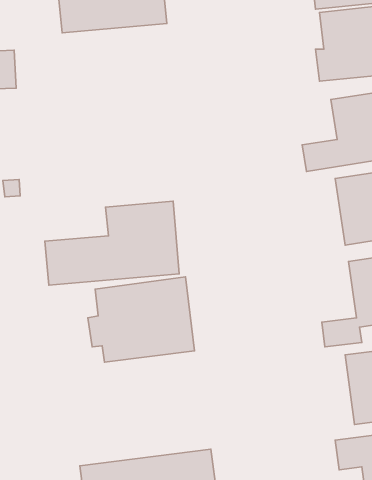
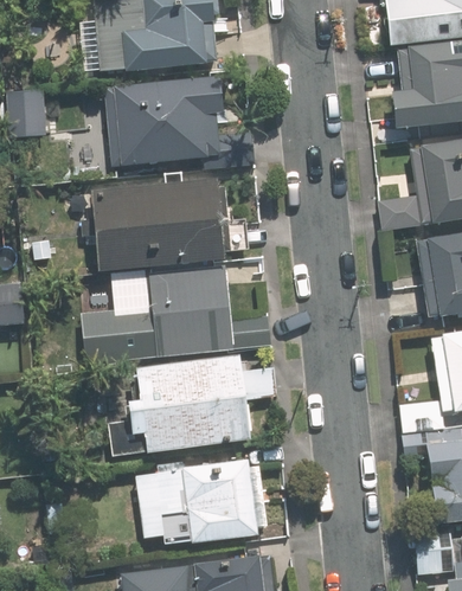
building: none -> [104,79,225,166]
building: none -> [91,176,227,270]
building: none -> [136,458,261,546]

